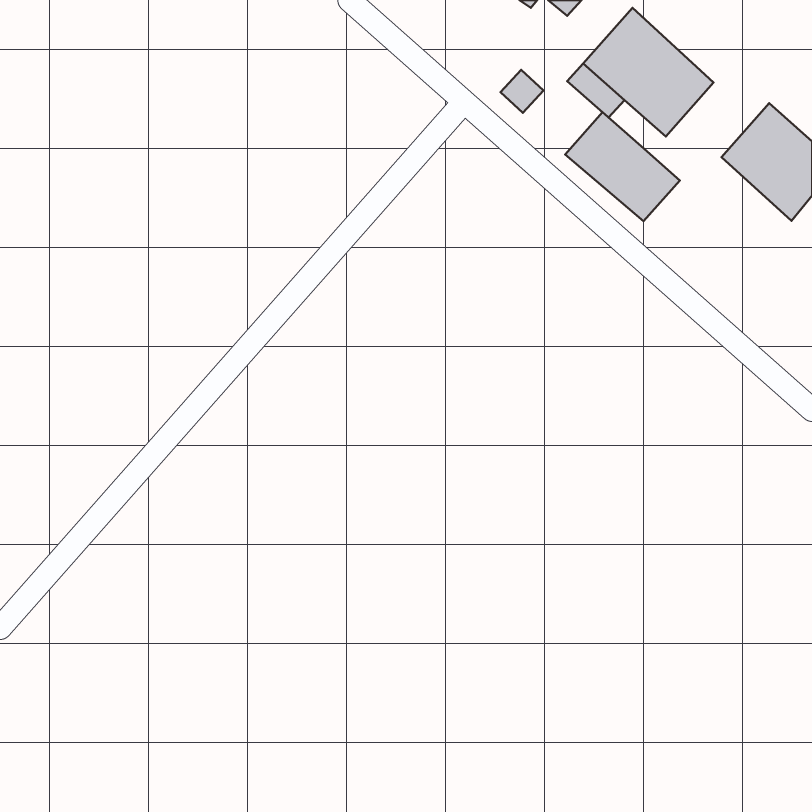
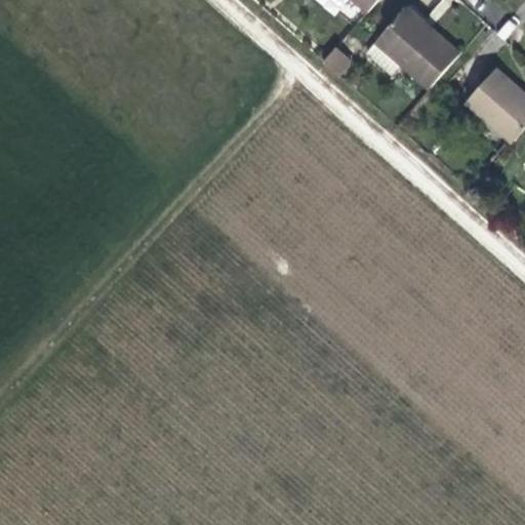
building: [565,112,680,221] -> none

